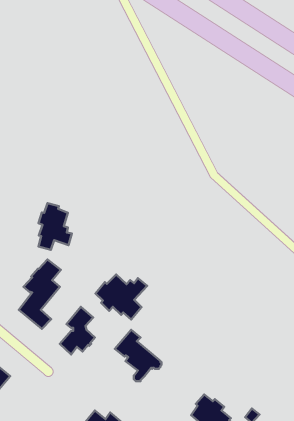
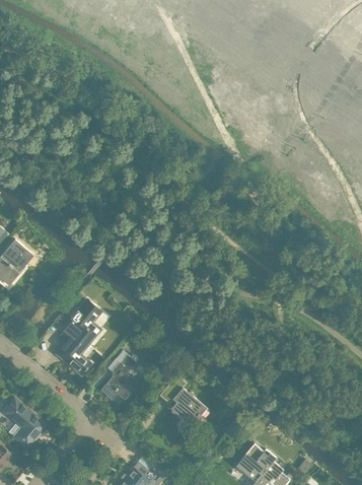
building: [38,203,72,250] -> none
building: [96,275,147,319] -> none

